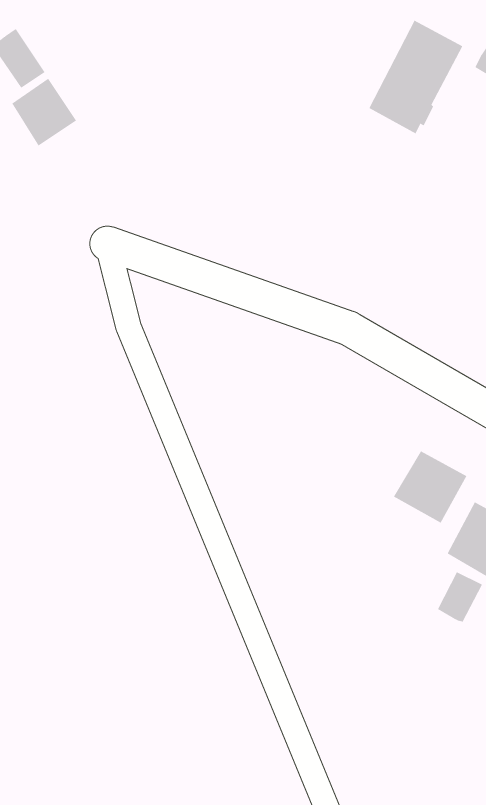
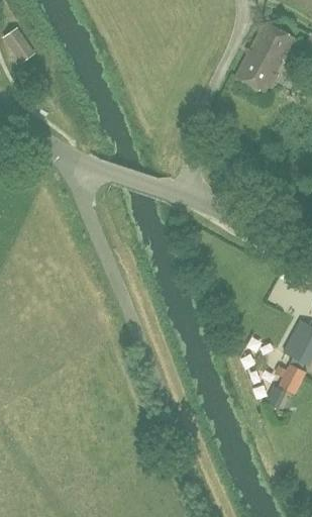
building: [11,78,77,146] -> none
building: [393,451,467,523] -> none

